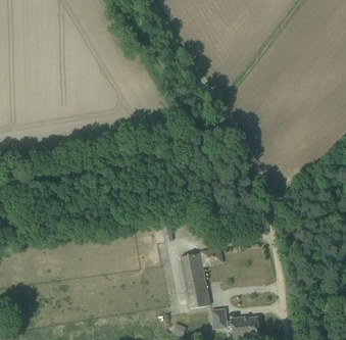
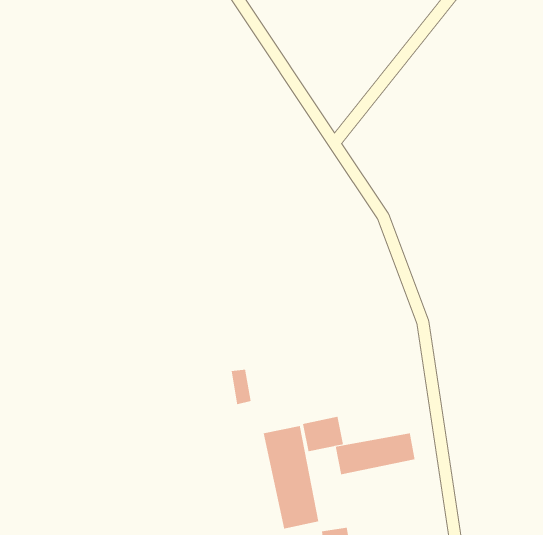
building: none -> [335,432,415,475]

